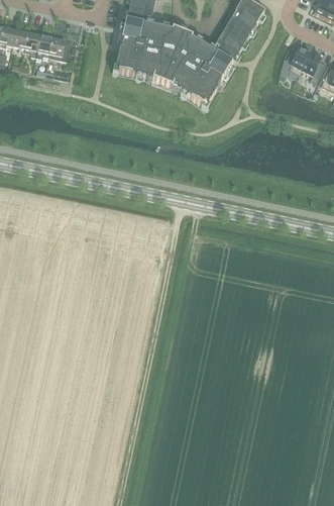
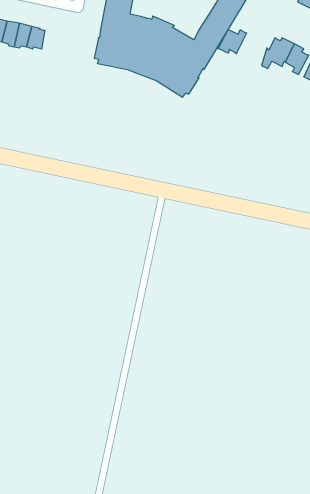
building: none -> [218,29,247,54]

